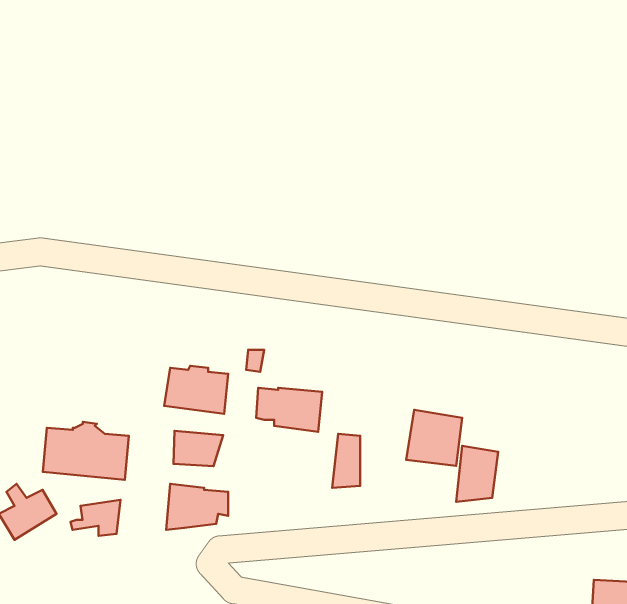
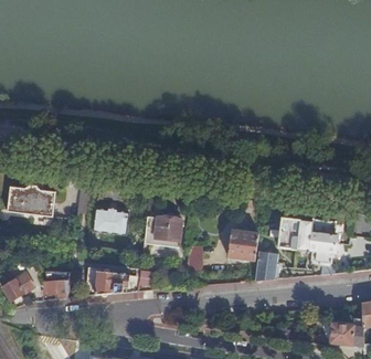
building: none -> [277,219,335,262]
building: [43,422,129,480] -> [7,186,54,218]
building: [173,431,223,466] -> none

